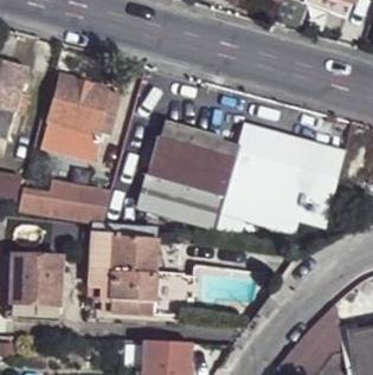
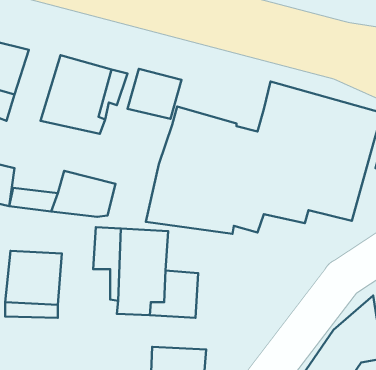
building: none -> [127,69,181,119]

